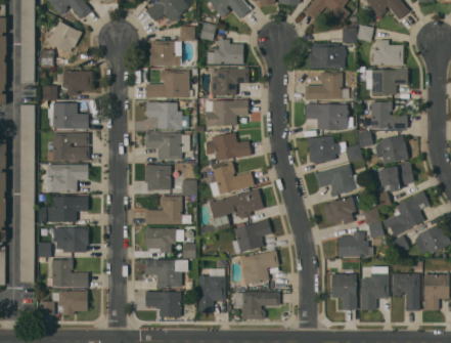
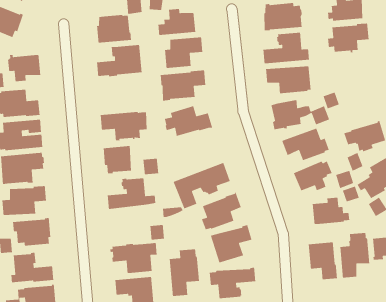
building: [370,100,406,129] -> none
building: [145,101,188,129] -> none
building: [374,135,408,163] -> none
building: [209,162,254,196] -> none
building: [144,227,180,253] -> none

